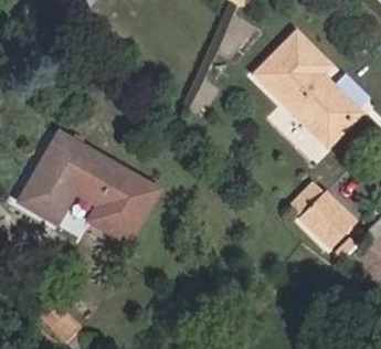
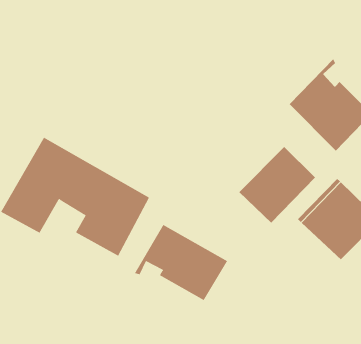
building: [253,31,324,102] -> [238,146,316,223]
building: none -> [134,224,228,301]

